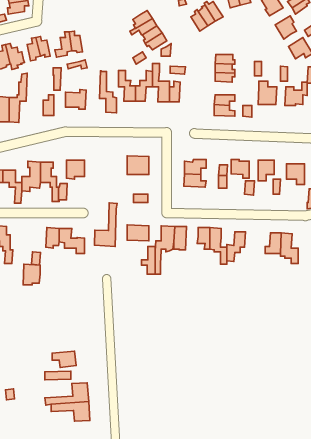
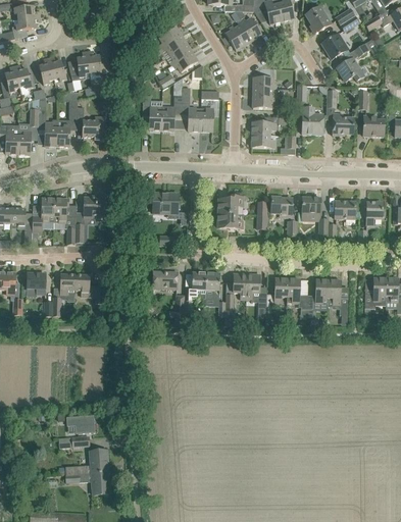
building: [99,71,116,113] -> [38,98,57,146]
building: [94,203,117,246] -> none
building: none -> [287,278,308,315]
building: [23,264,40,285] -> [27,272,46,296]

